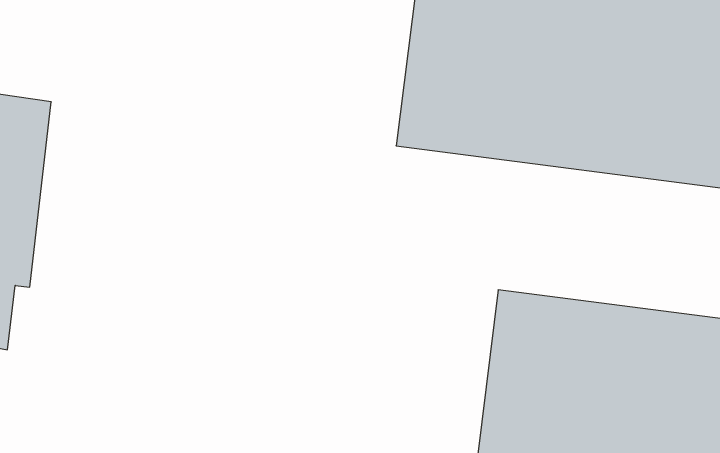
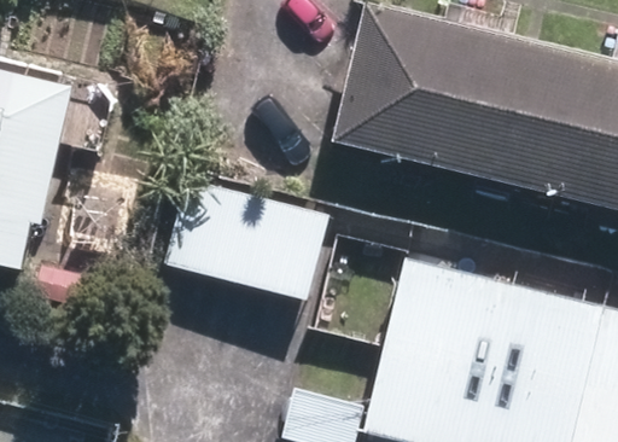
building: none -> [164,179,331,297]

